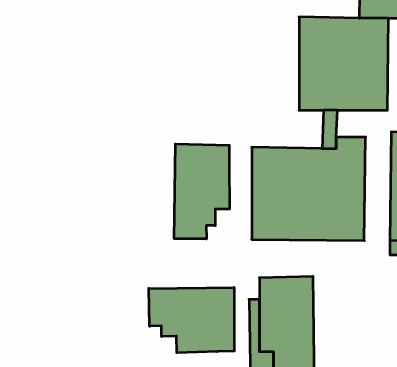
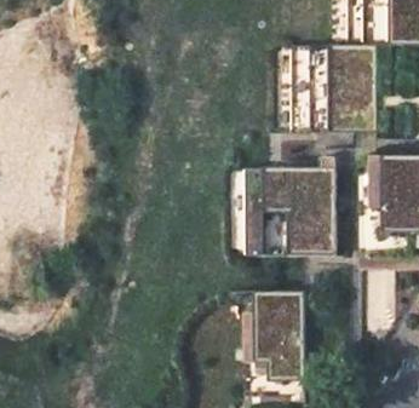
building: [174,144,229,239] -> none
building: [149,287,234,353] -> none

